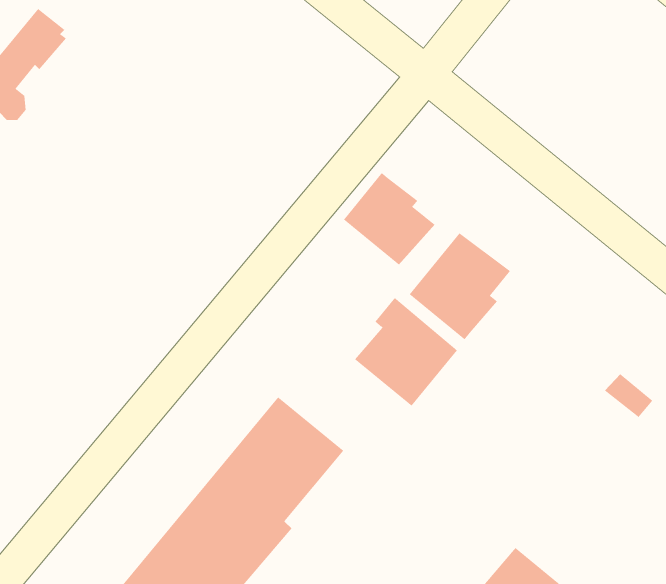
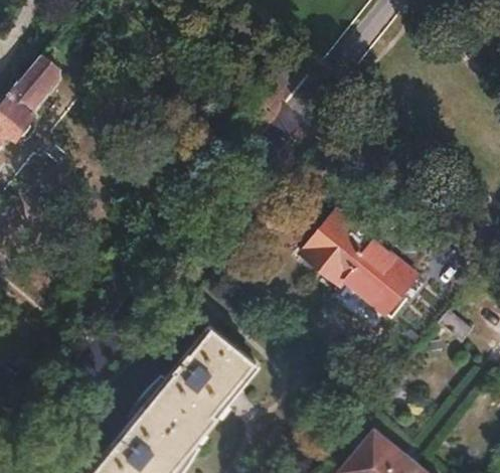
building: [343,172,435,265] -> none
building: [354,297,458,406] -> [344,240,416,316]

